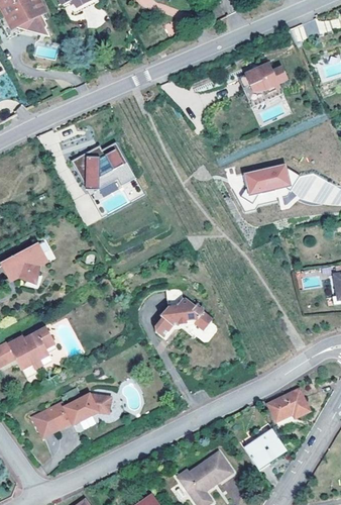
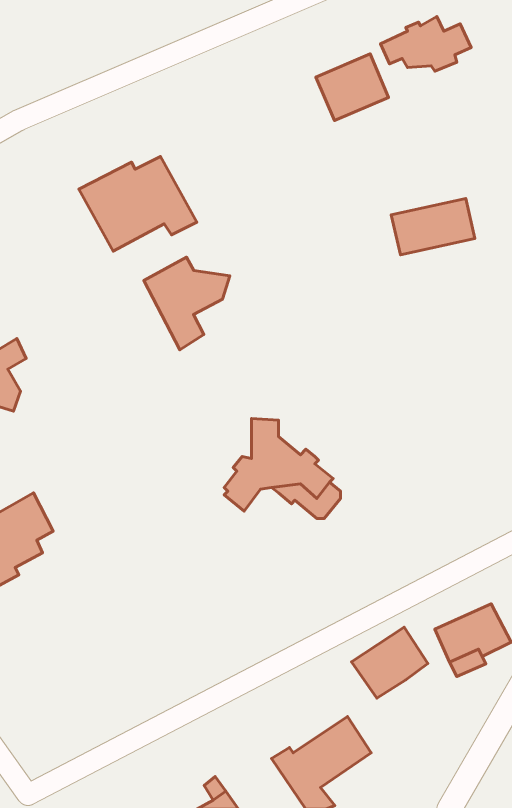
building: none -> [316,54,389,121]
building: none -> [144,257,230,350]
building: [31,393,110,437] -> none
building: [244,429,287,469] -> [351,627,428,698]

